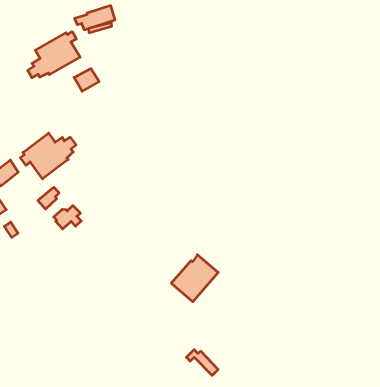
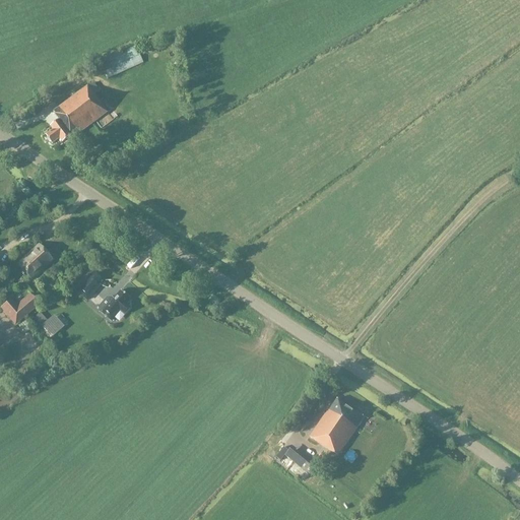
building: [74,69,99,91] -> none
building: [20,133,76,179] -> none
building: [171,255,218,302] -> [310,397,365,454]

